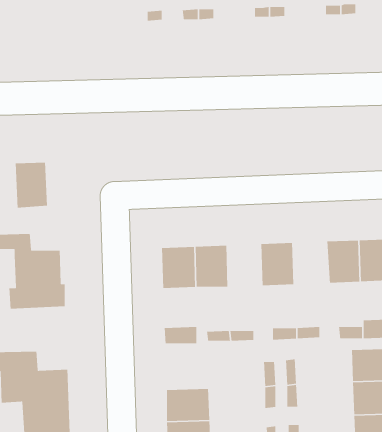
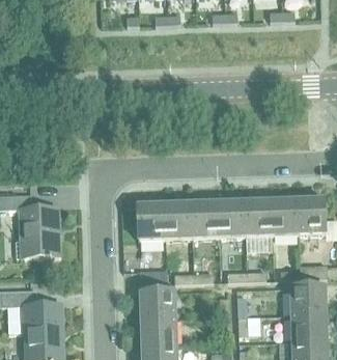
building: [15,162,48,209] -> none
building: none -> [243,201,272,237]
building: none -> [190,203,218,239]
building: none -> [140,293,175,321]

